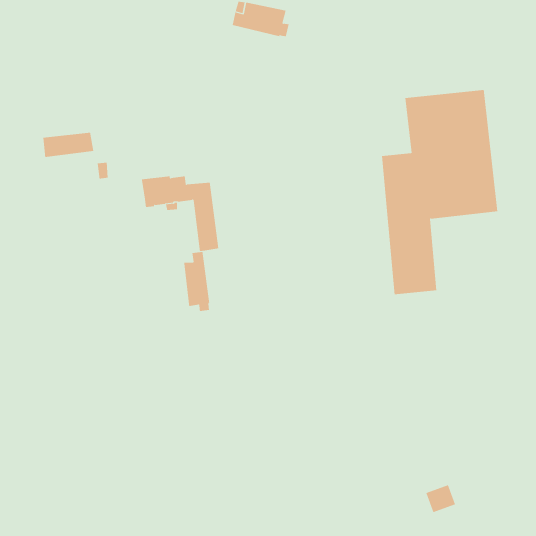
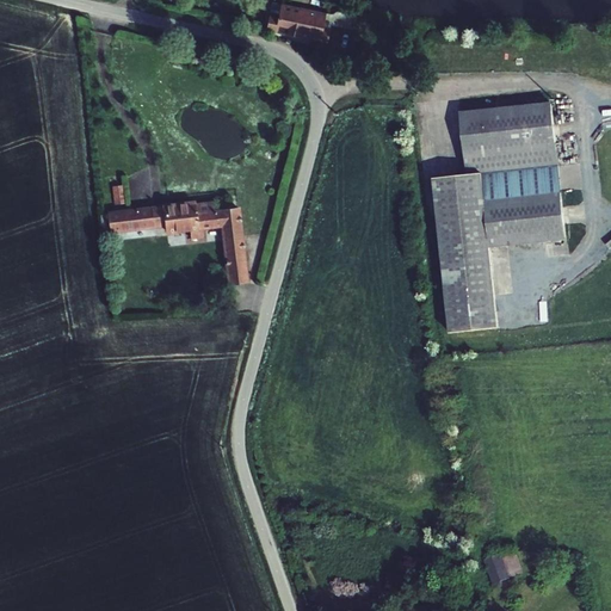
building: [42,132,94,157] -> [105,204,163,233]
building: [184,251,210,312] -> none

